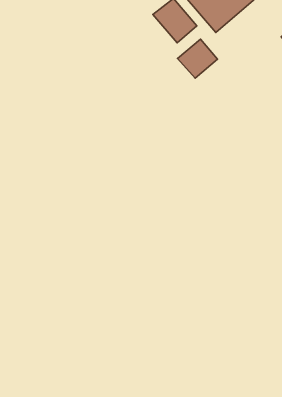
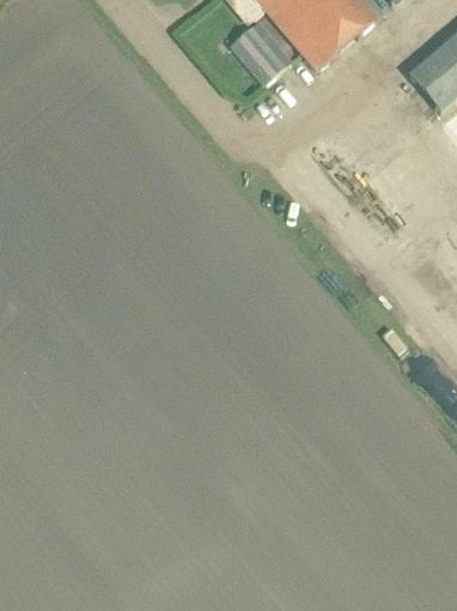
building: [178,39,217,78] -> none

